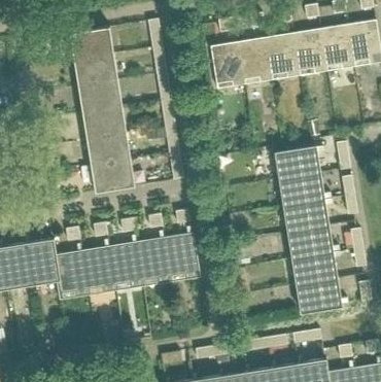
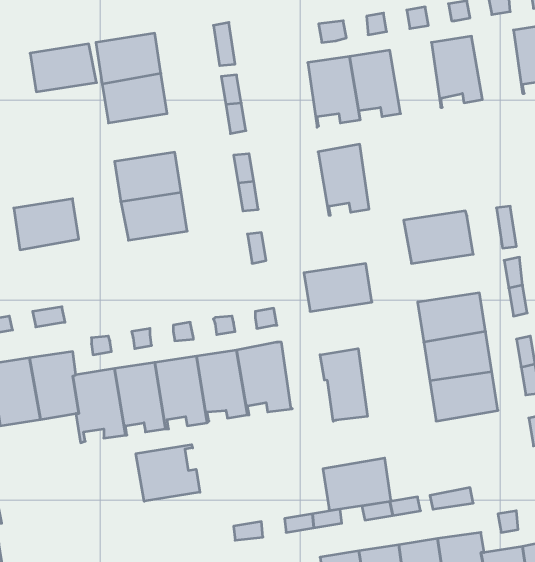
building: [319,25,353,71] -> none
building: [265,33,299,80] -> [318,144,369,215]
building: [77,80,122,112] -> [30,44,97,92]
building: [91,159,134,193] -> [14,199,79,250]
building: [279,174,324,206] -> [304,264,372,311]
building: none -> [320,349,367,421]
building: [296,278,341,313] -> [323,458,391,511]
building: none -> [136,445,200,501]

